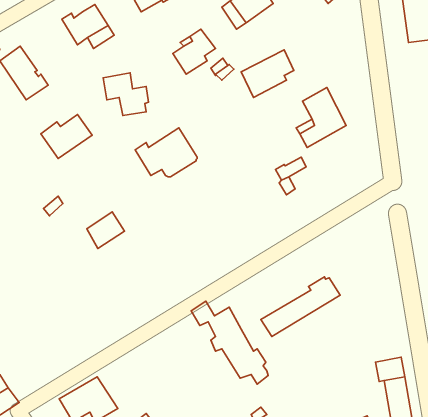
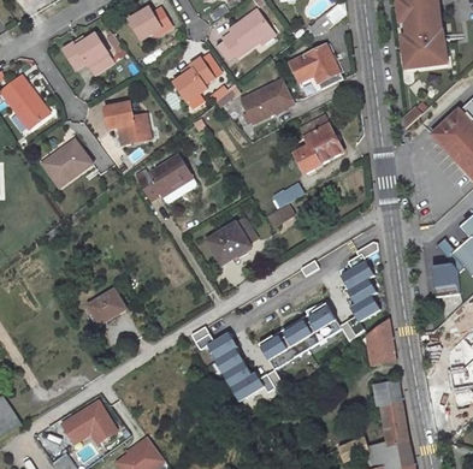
building: none -> [289,44,342,88]
building: none -> [206,218,255,265]
building: [87,212,125,248] -> [88,289,125,325]
building: none -> [341,260,380,320]
building: none -> [366,319,395,363]

